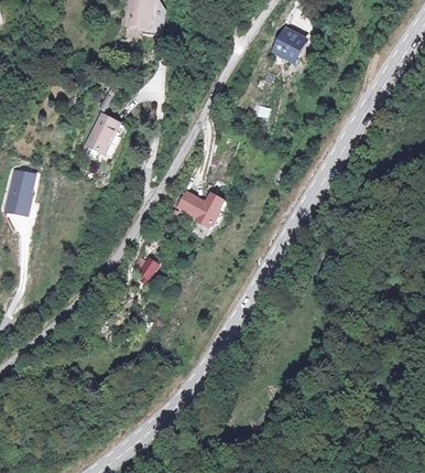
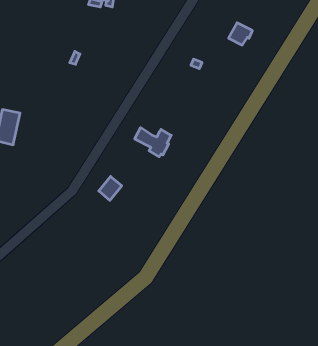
building: [271,31,302,60] -> [229,23,252,45]
building: [84,114,123,155] -> none

